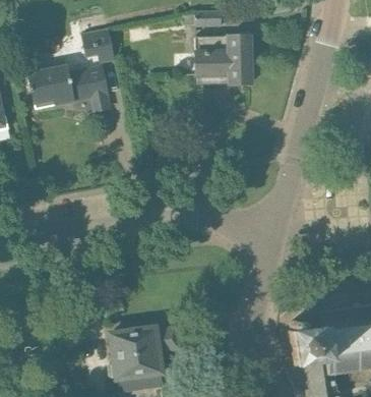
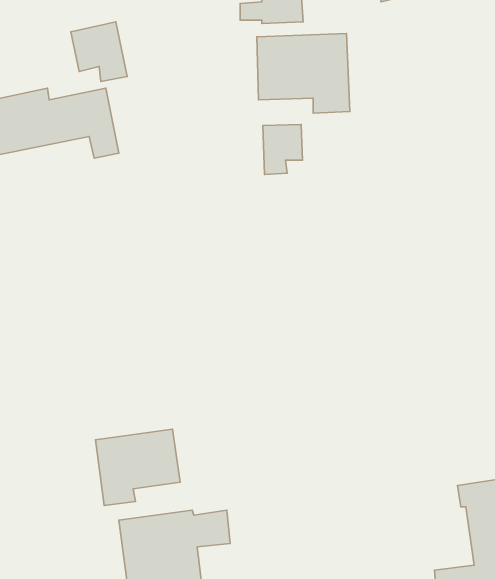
building: none -> [263,124,302,175]
building: none -> [95,429,180,505]
building: [287,319,326,364] -> none

